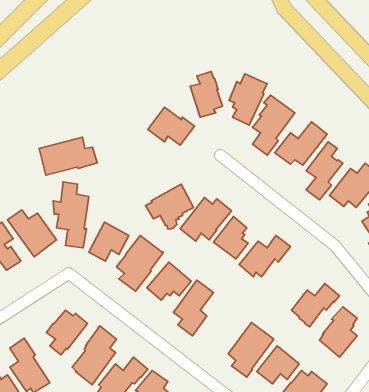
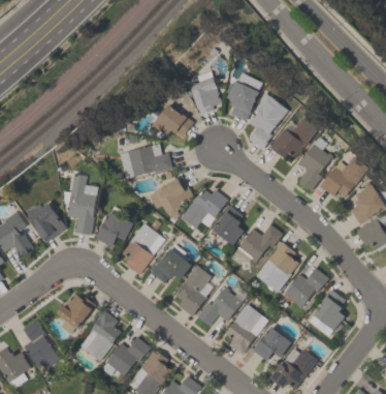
building: [39,137,97,175] -> [119,144,172,179]
building: none -> [255,241,298,293]
building: none -> [197,286,248,326]

